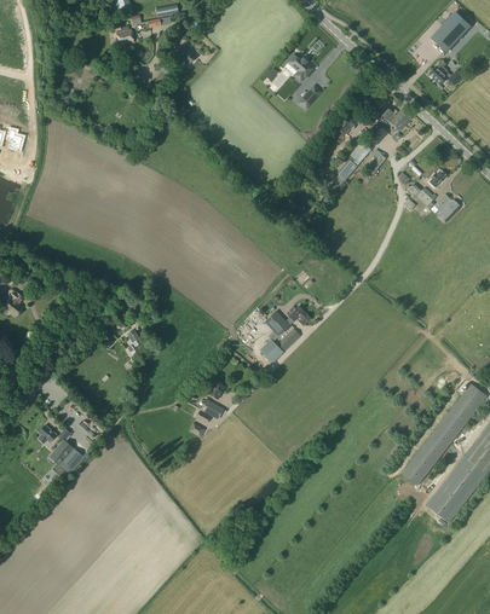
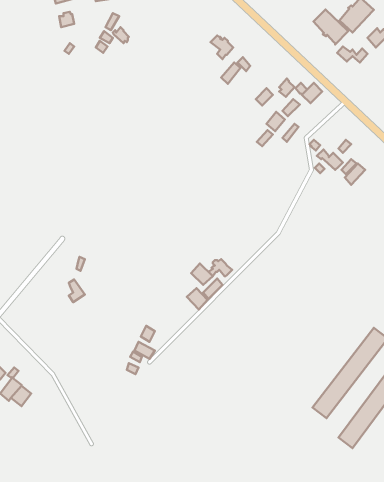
building: none -> [313,9,348,44]

